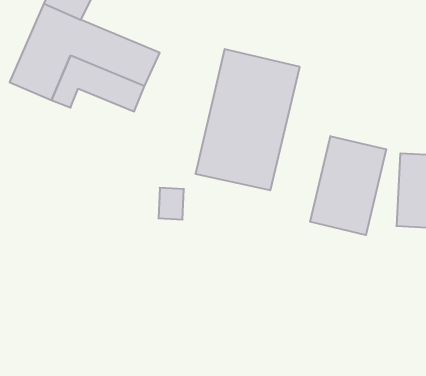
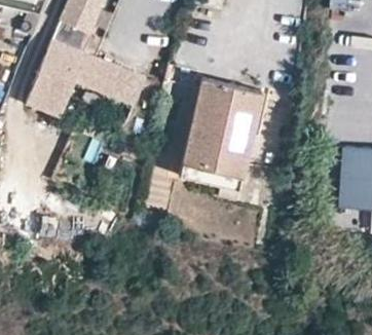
building: [310,136,386,235] -> none

